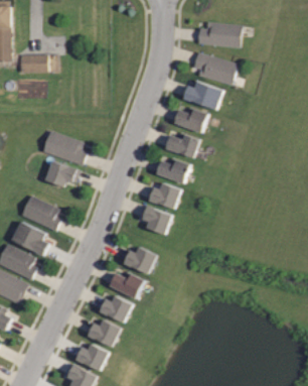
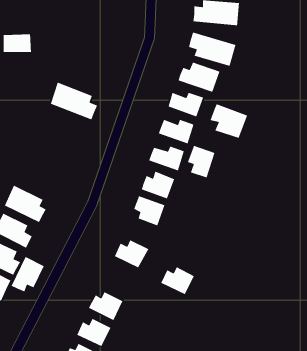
building: none -> [209,103,248,139]
building: [41,129,87,165] -> [50,82,98,120]
building: none -> [187,145,215,179]
building: [43,160,79,186] -> none
building: none -> [11,256,45,292]
building: [111,270,143,297] -> [160,266,195,295]

